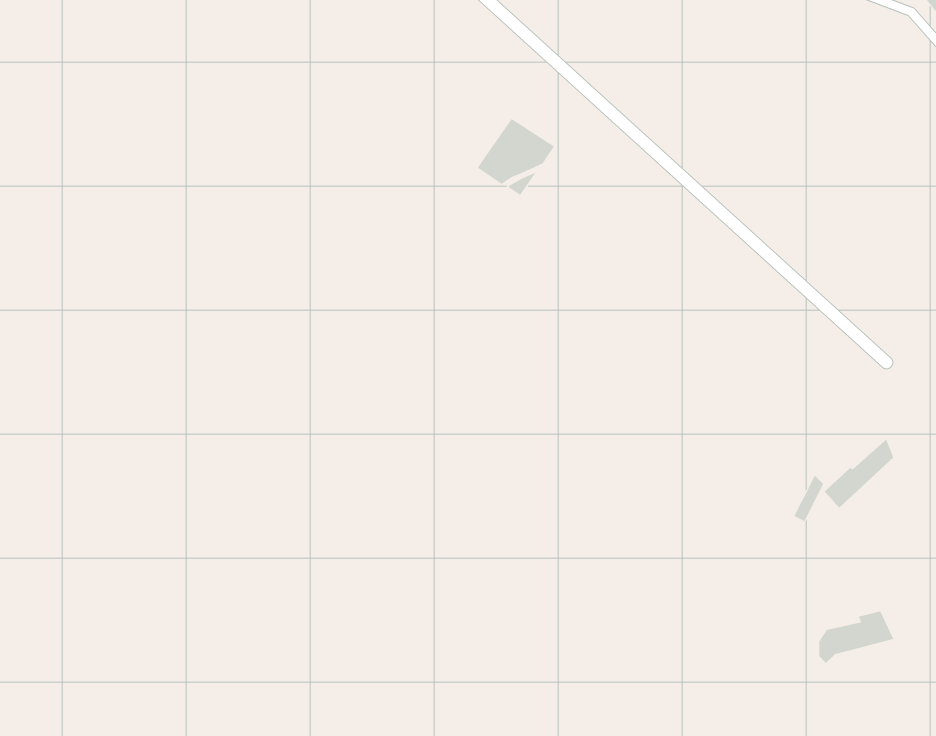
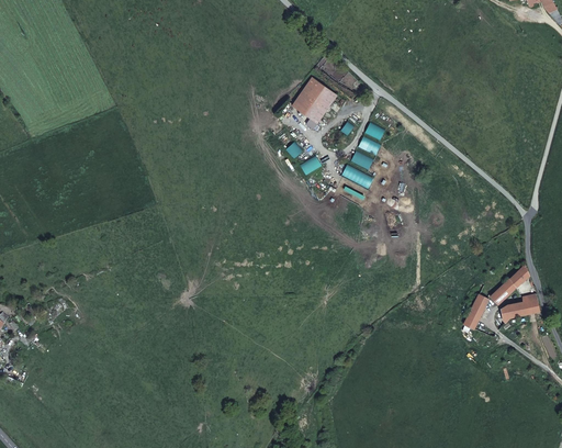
building: [818,611,894,664] -> [501,293,544,324]

